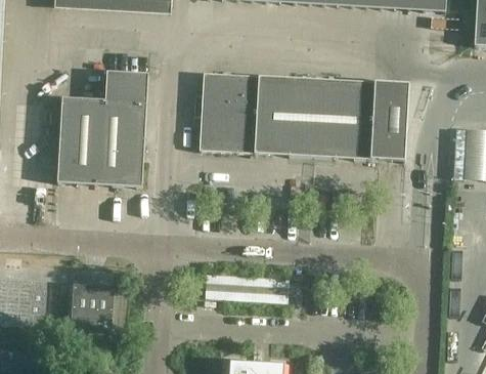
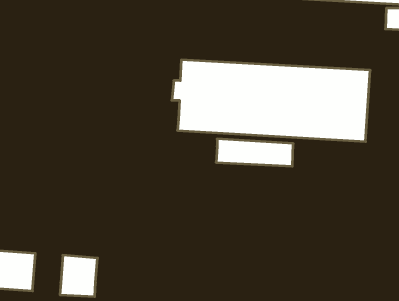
building: [57,72,148,188] -> none
building: [205,273,289,302] -> [216,139,293,166]

